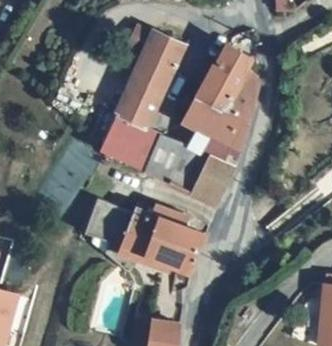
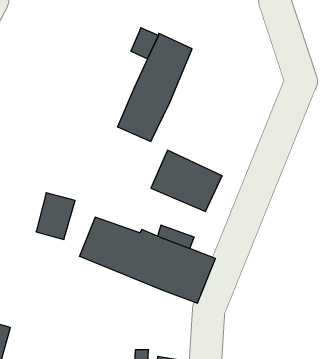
building: [186,50,259,149] -> none
building: [99,115,162,170] -> none
building: [195,159,233,201] -> none

